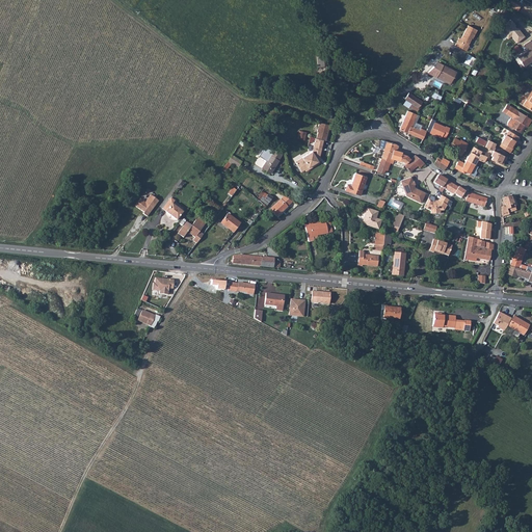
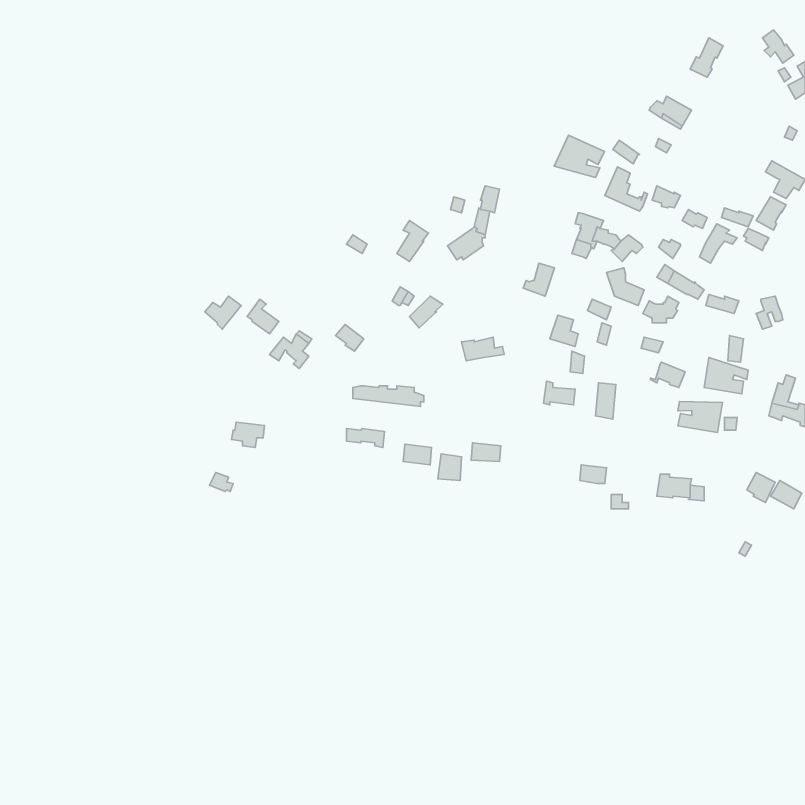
building: none -> [554,135,605,178]
building: none -> [678,401,723,433]

